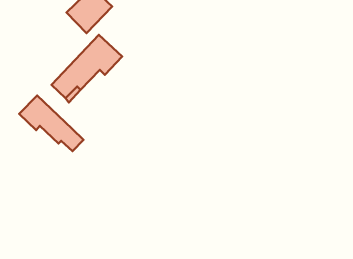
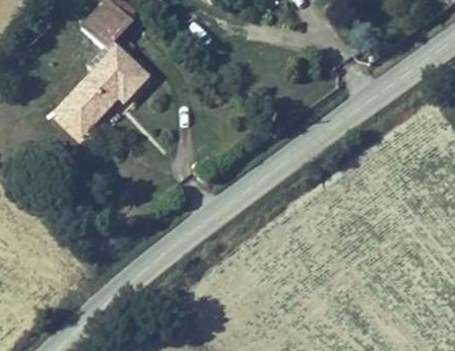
building: [19,96,83,151] -> none

